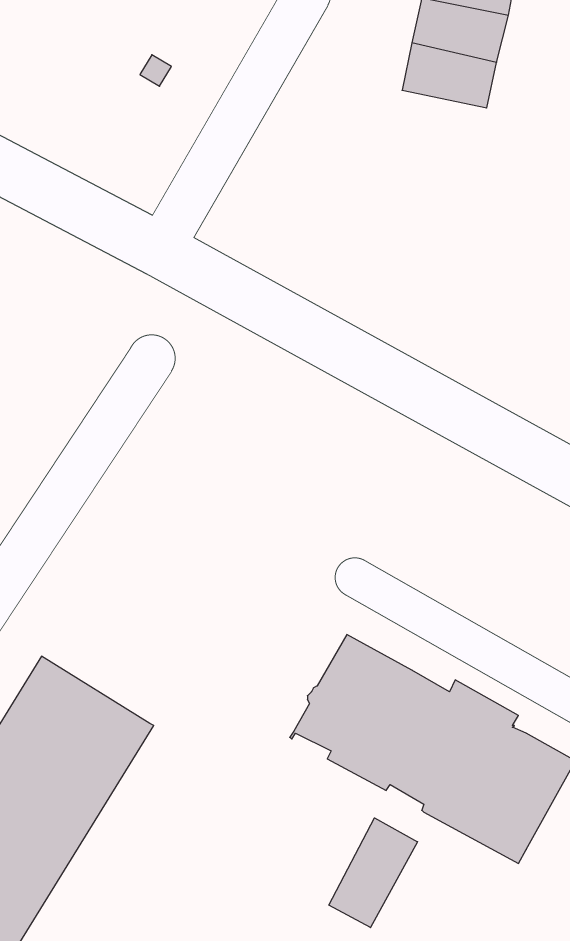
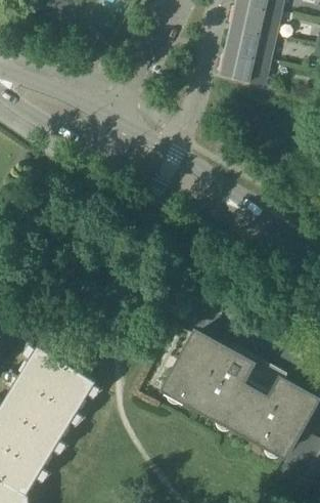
building: none -> [220,50,269,84]
building: [329,818,418,928] -> none

